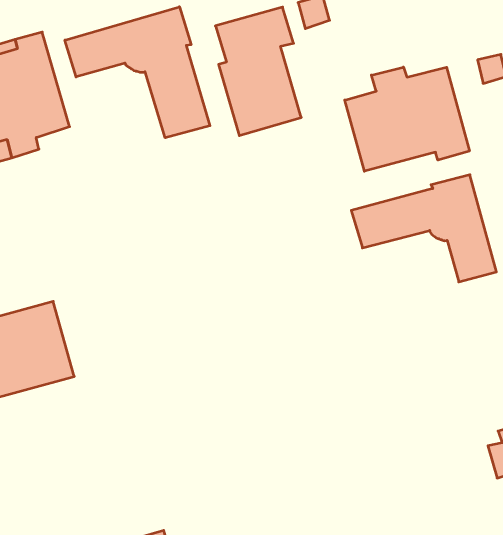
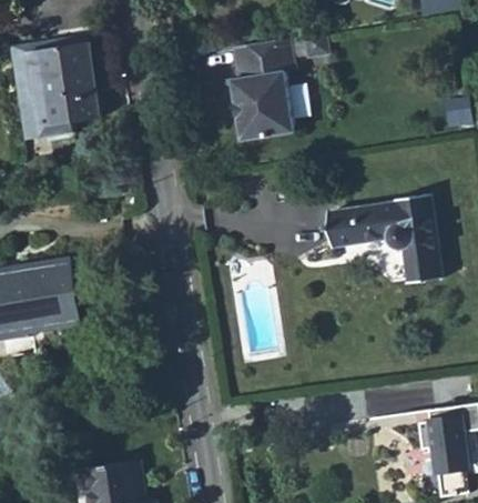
building: [65,7,210,138] -> none
building: [345,67,469,171] -> none

